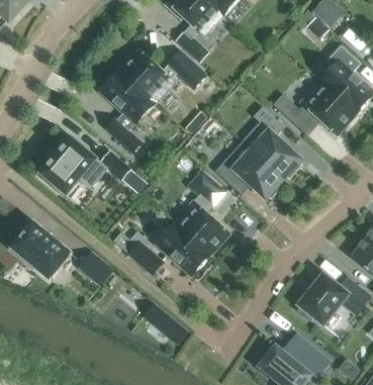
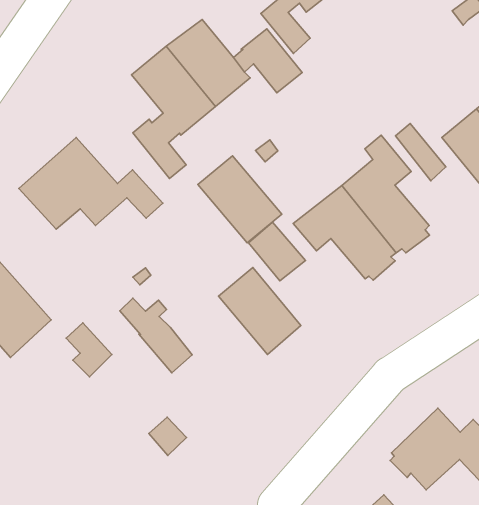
building: [156,222,211,276] -> [198,156,282,243]

